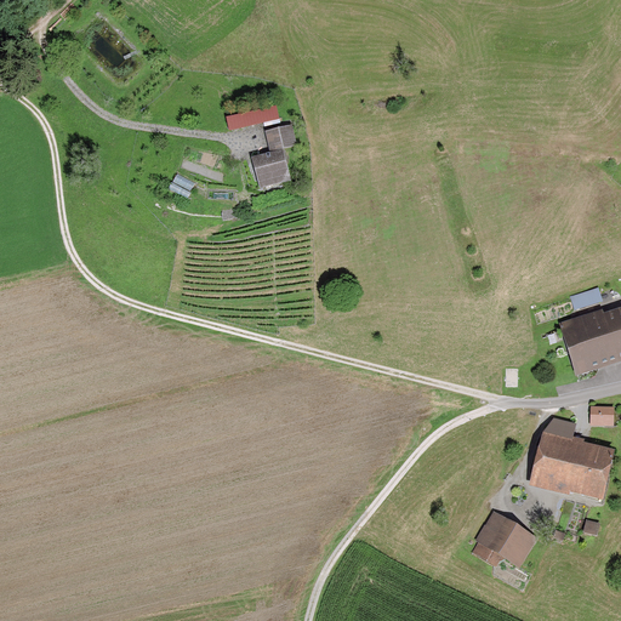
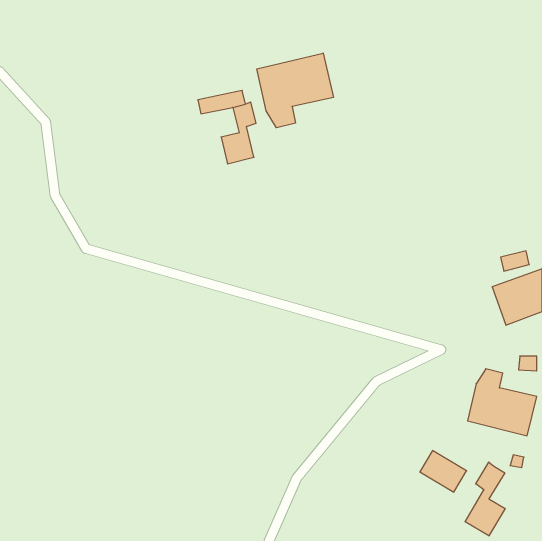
building: none -> [257,53,333,128]
building: none -> [465,462,505,536]

